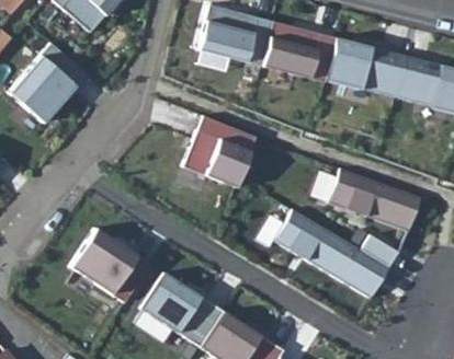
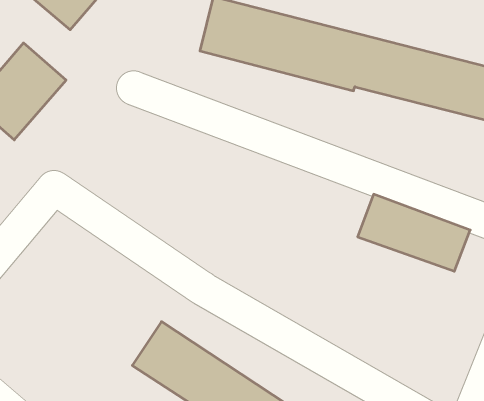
building: [184,116,258,188] -> none
building: [275,210,399,299] -> none
building: [71,229,152,303] -> none

